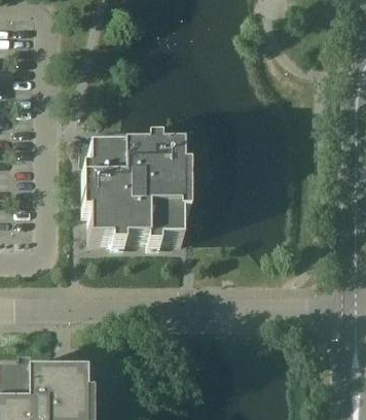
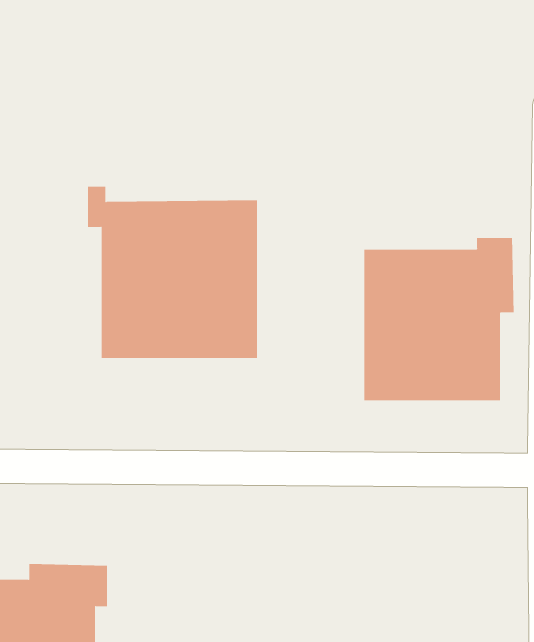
building: none -> [364,237,514,401]

